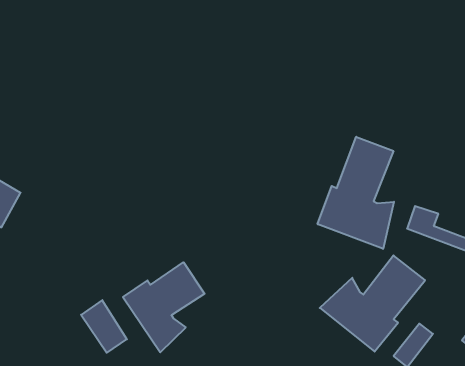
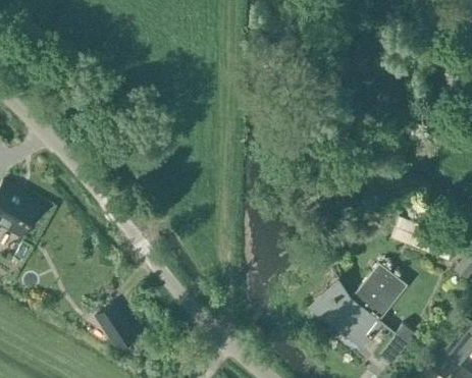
building: [318,137,394,249] -> none
building: [123,262,205,352] -> none

